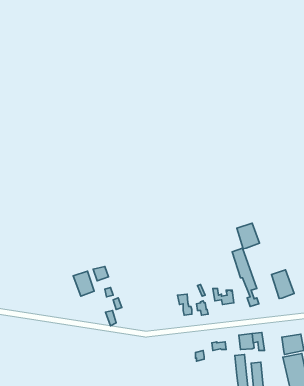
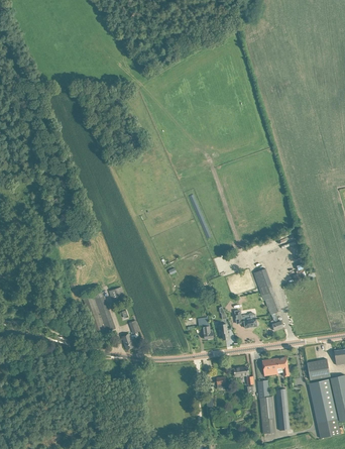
building: [237,223,259,249] -> none
building: [272,270,294,299] -> none

